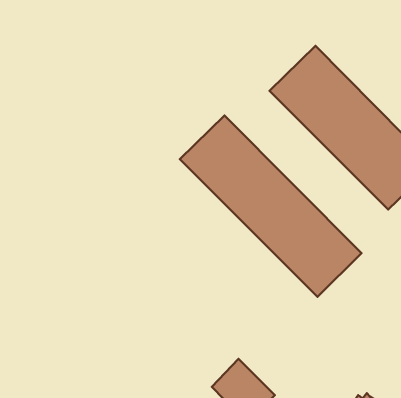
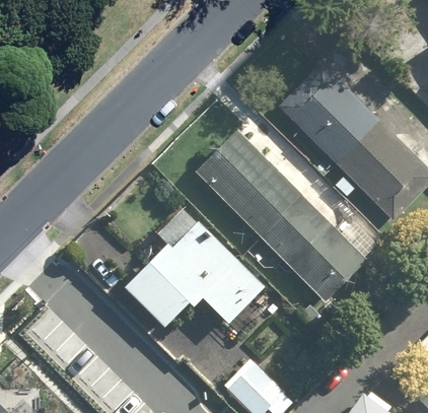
building: none -> [126,208,267,327]

